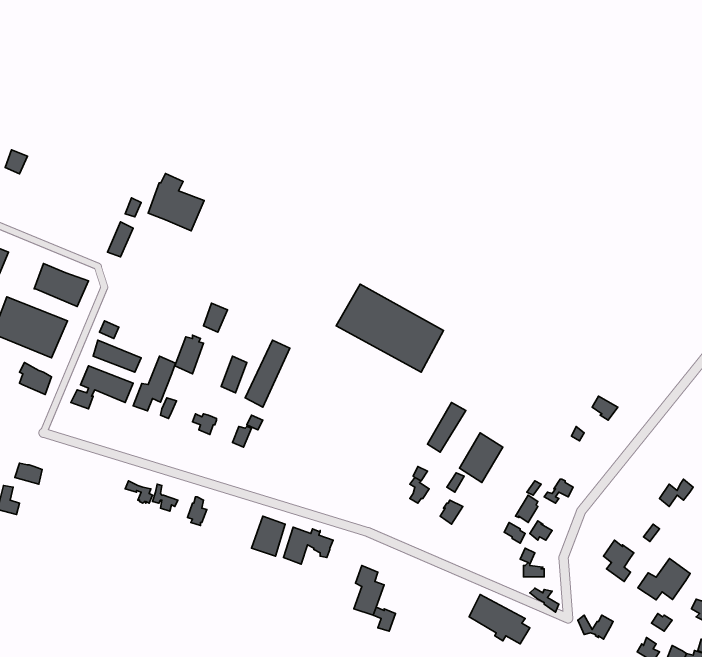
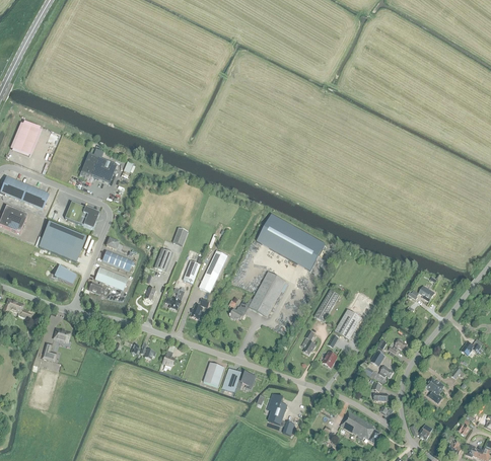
building: [148,173,204,231] -> [81,147,117,183]
building: [133,356,176,411] -> none
building: none -> [229,271,286,319]
building: [638,558,690,600] -> none

